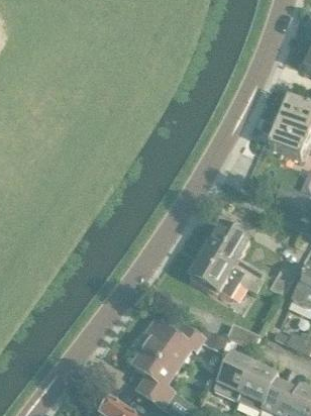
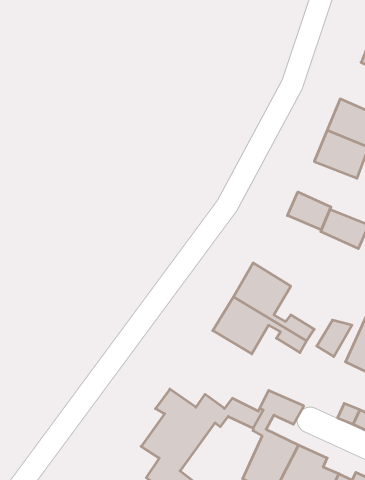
building: none -> [287,192,331,230]

